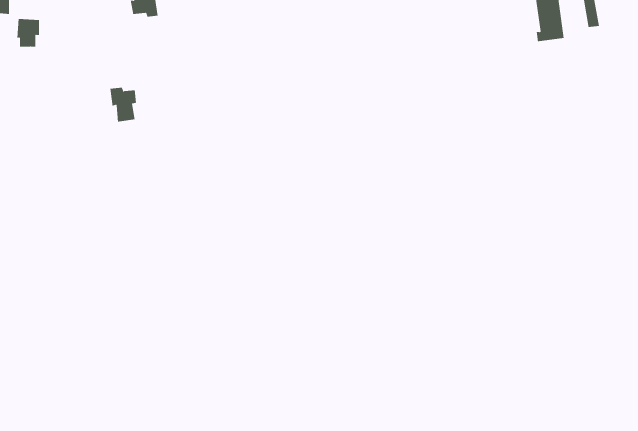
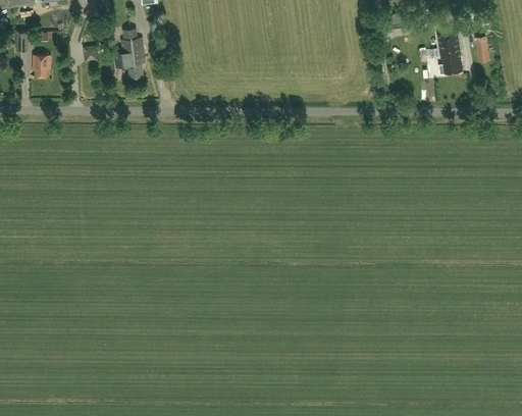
building: [109,87,137,122] -> [123,50,145,77]

